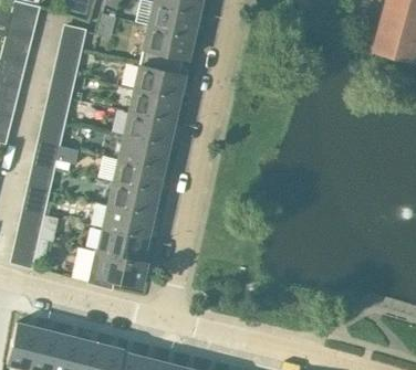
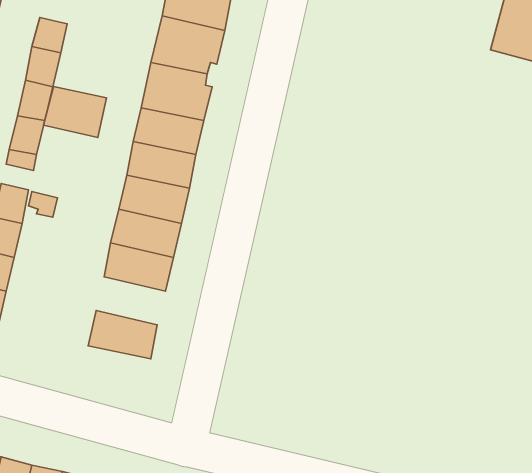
building: none -> [44,86,106,137]
building: [104,204,152,237] -> none
building: [87,251,146,288] -> none

